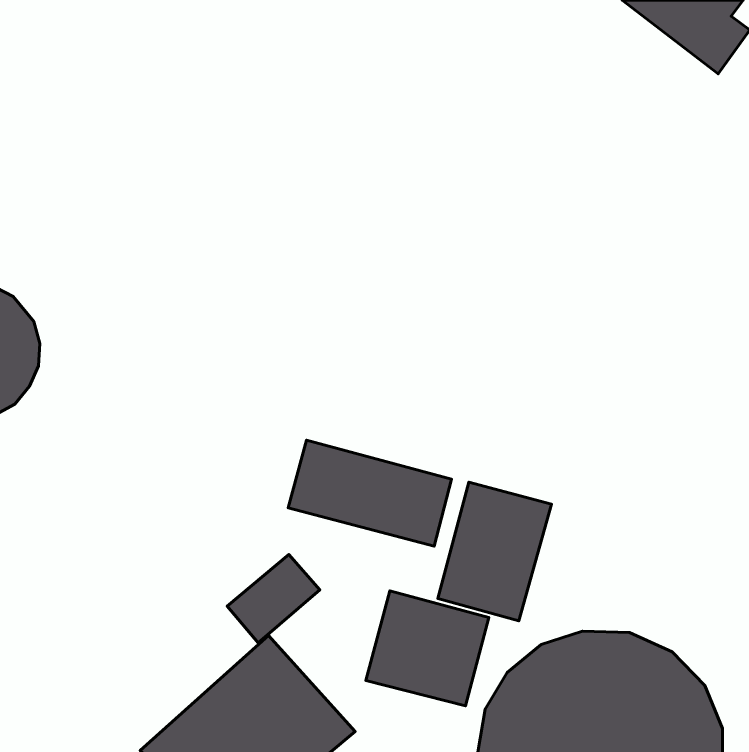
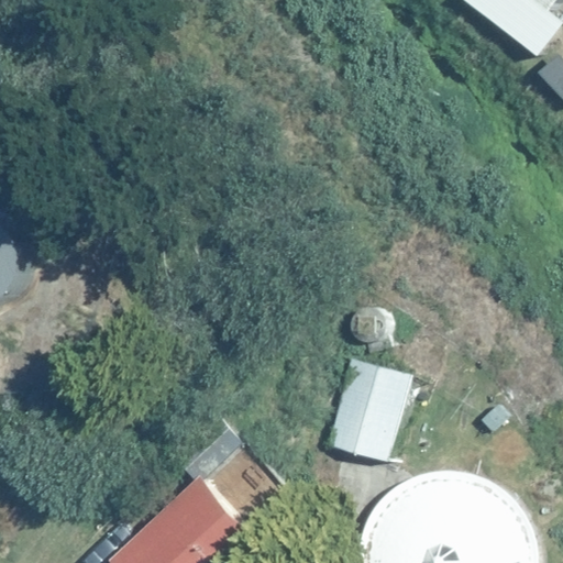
building: [288,440,452,546] -> none
building: [366,591,489,706] -> none

